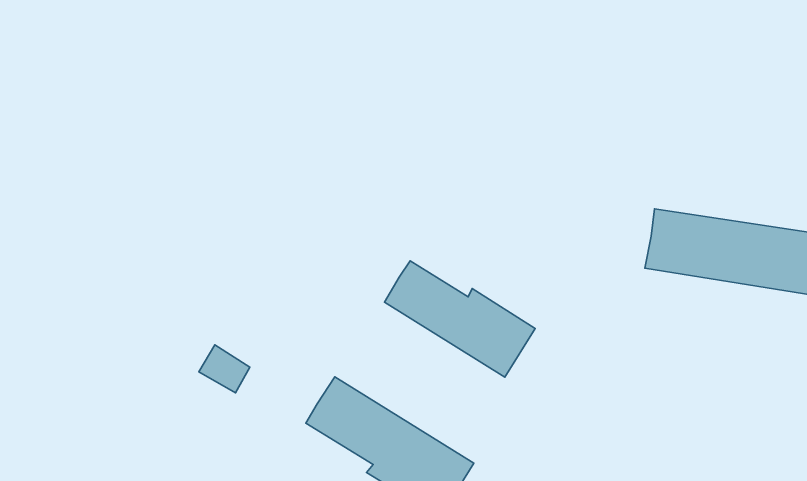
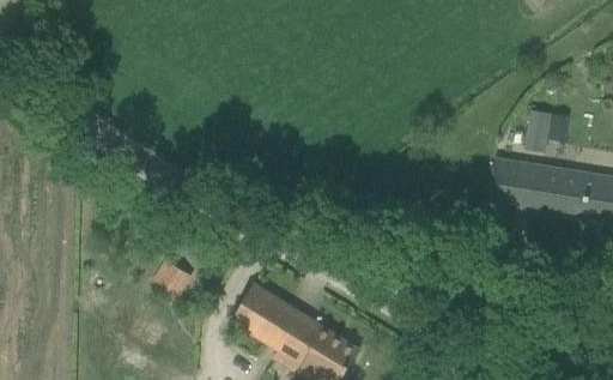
building: none -> [524,110,552,155]
building: [384,261,535,377] -> none

